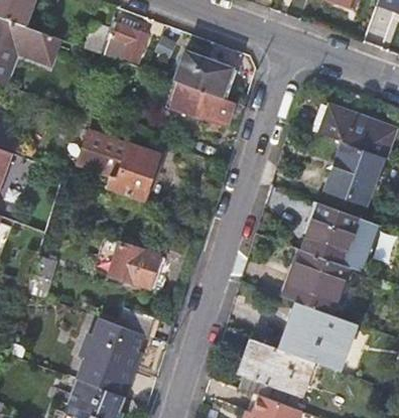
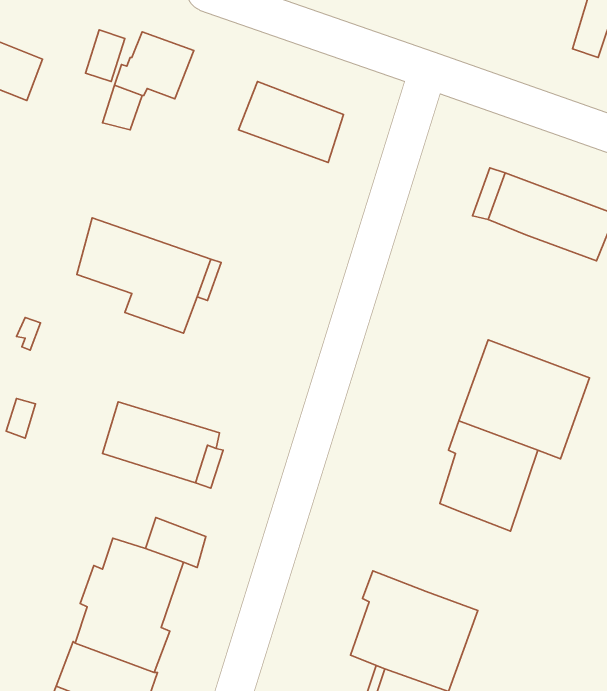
building: [164,81,231,125] -> none
building: [323,142,383,204] -> none
building: [283,303,356,371] -> none

